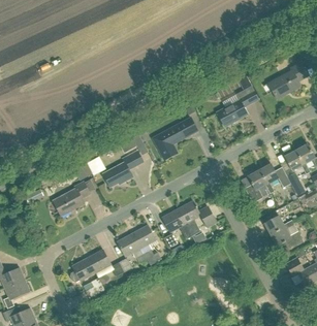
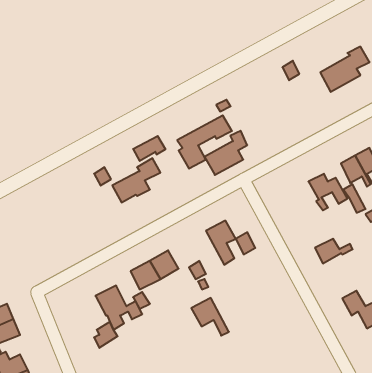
building: [217,92,251,127] -> [204,131,247,175]
building: [245,170,267,202] -> none
building: [53,182,91,216] -> none
building: [162,209,192,239] -> [191,298,229,336]
building: [271,227,305,250] -> none
building: [71,261,98,287] -> none

